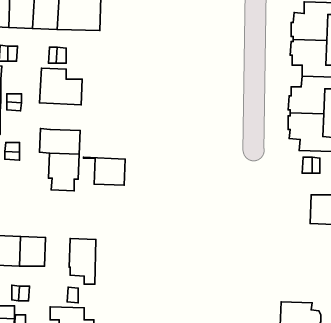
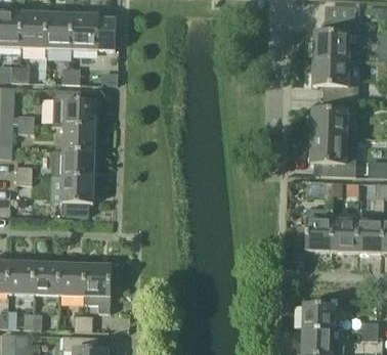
building: [83,157,125,185] -> [52,124,95,152]
building: none -> [305,218,333,249]
building: none -> [57,263,84,294]
building: none -> [302,303,334,330]

